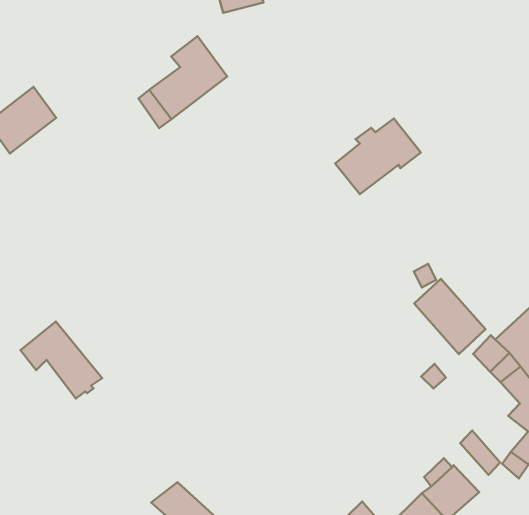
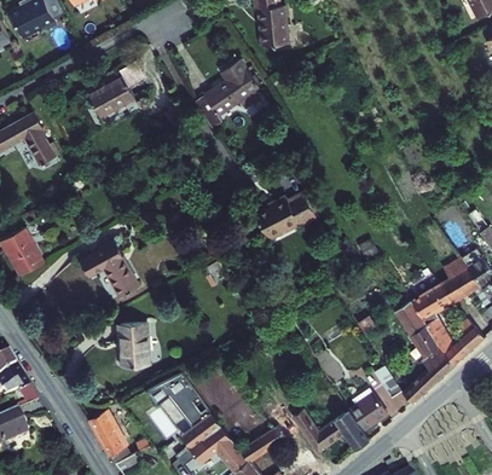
building: [335,119,421,194] -> [257,190,318,238]
building: [414,279,485,354] -> none
building: none -> [112,324,144,370]

